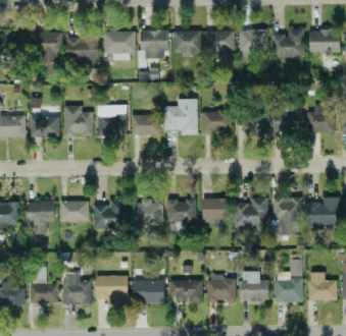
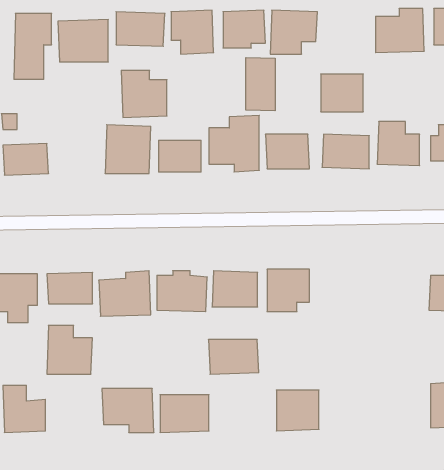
building: [239,30,266,54] -> [321,74,363,112]
building: none -> [246,58,275,111]
building: [63,106,93,136] -> [121,70,167,117]
building: [234,198,268,227] -> none
building: [273,198,302,235] -> none
building: [275,255,303,302] -> none
building: [241,272,269,301] -> none
building: [62,273,92,304] -> [47,325,92,374]
building: [170,280,203,302] -> [208,340,259,374]

